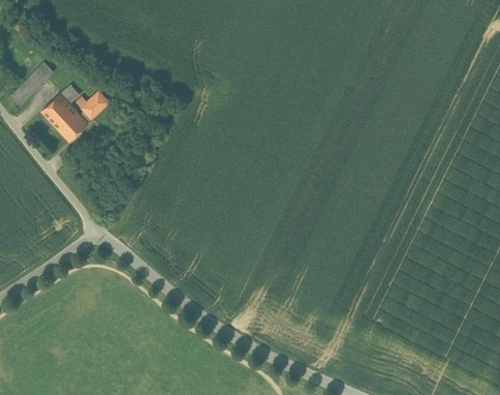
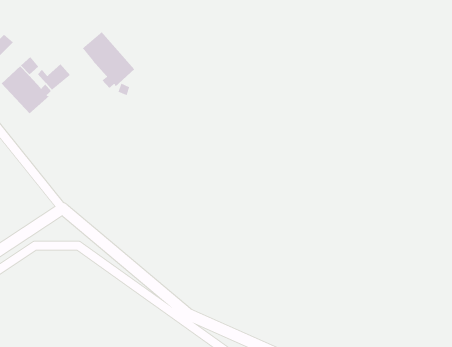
building: none -> [82,31,135,89]

